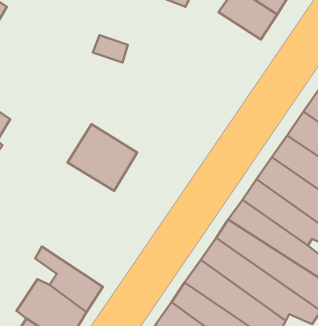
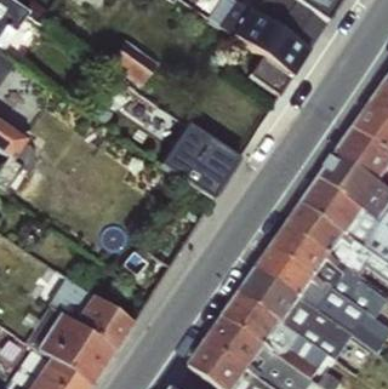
building: none -> [233,12,307,76]
building: [67,124,137,191] -> [166,119,244,193]

